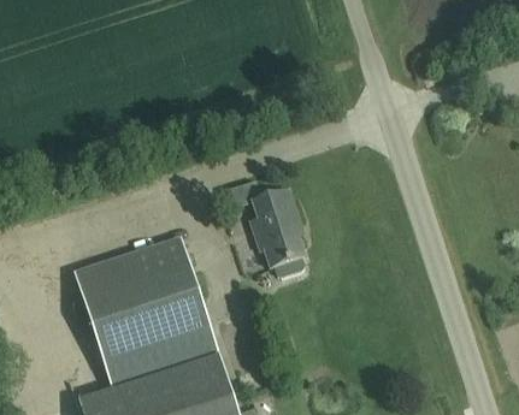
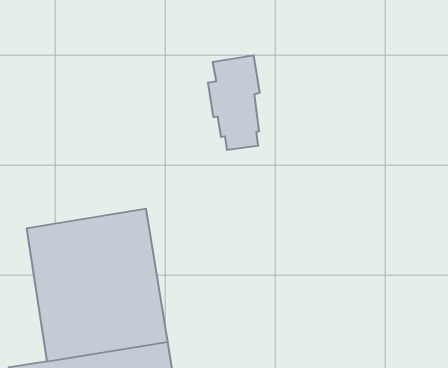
building: [250,185,305,274] -> [208,55,260,150]

